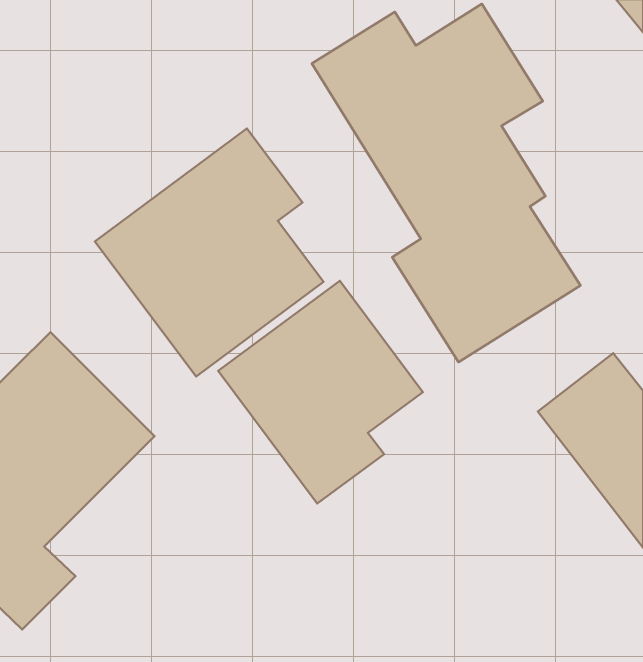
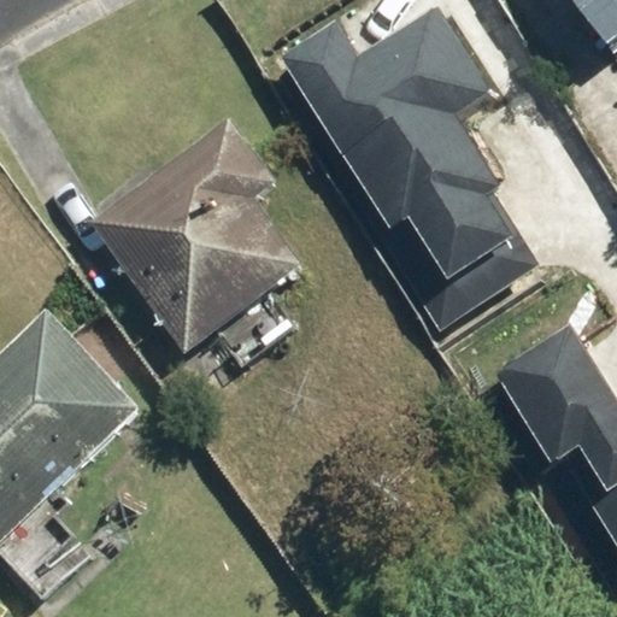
building: [218,281,423,503] -> none

